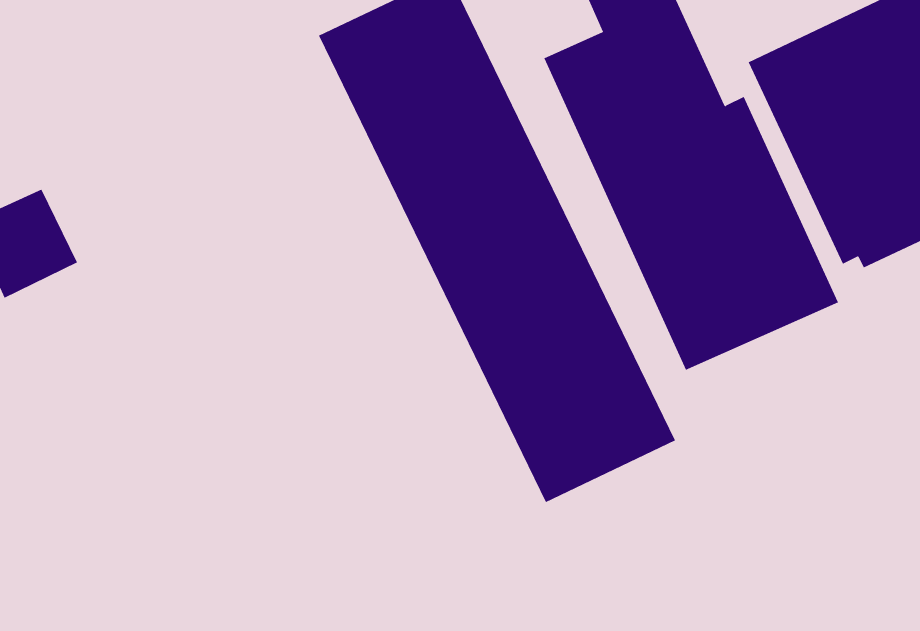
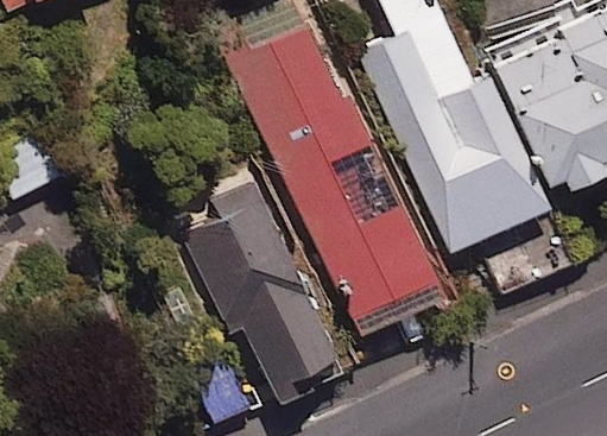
building: none -> [186,181,342,400]

